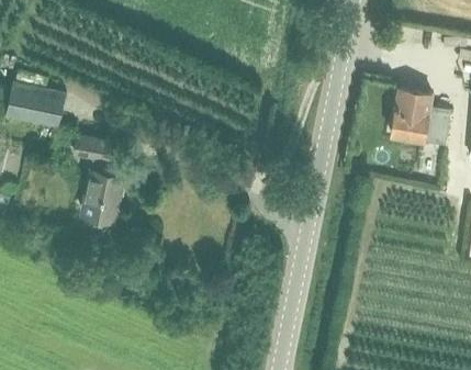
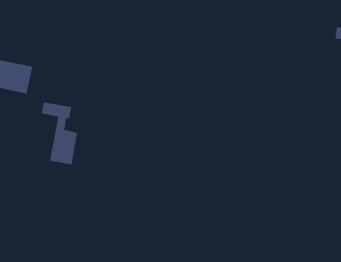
building: [393,88,453,145] -> none

